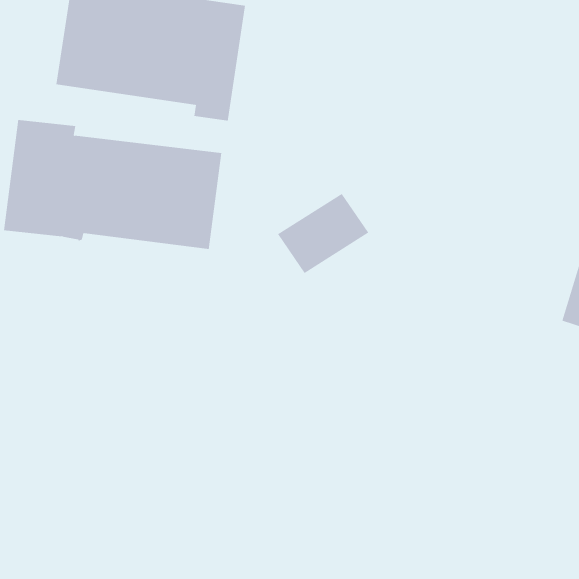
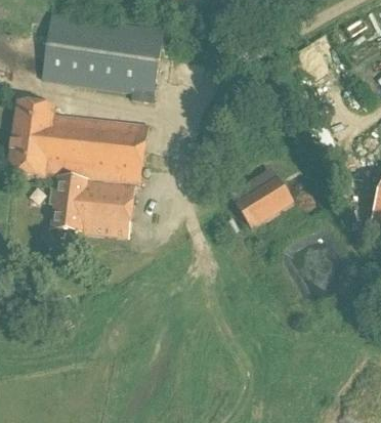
building: [277,193,369,274] -> [235,176,294,228]
building: none -> [50,174,140,236]

